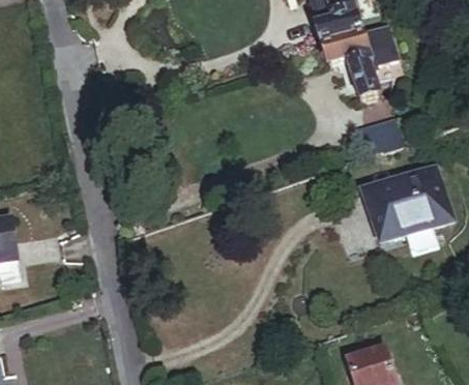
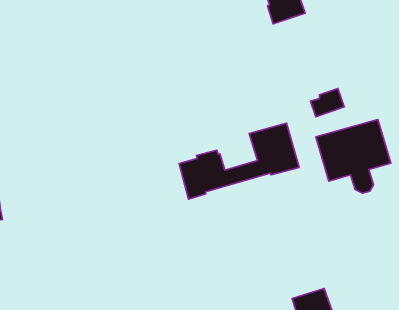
building: [325,29,401,105] -> none
building: none -> [179,123,299,199]

